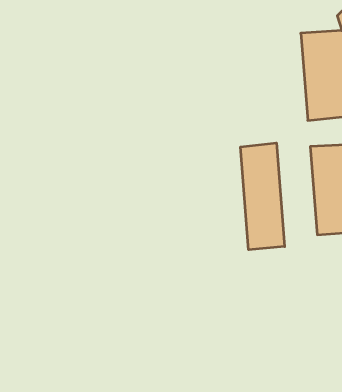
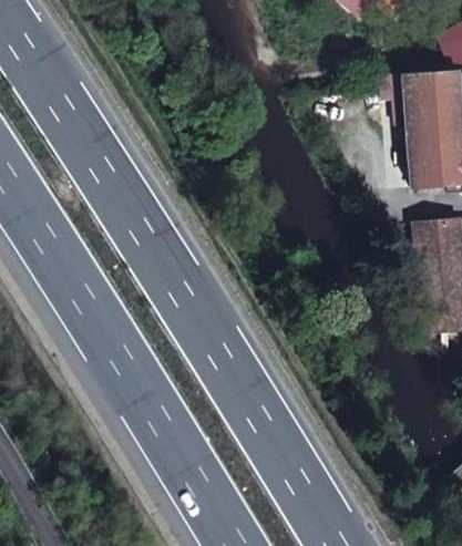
building: [241,143,285,250] -> none

